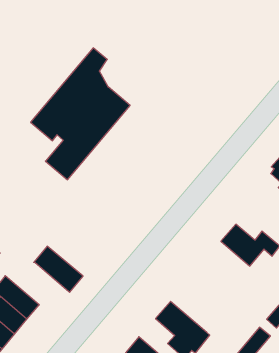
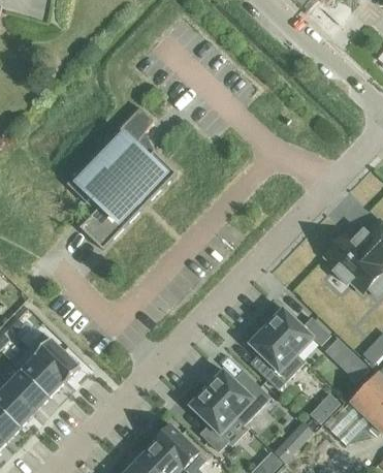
building: none -> [250,325,305,388]
building: [34,246,83,292] -> [28,332,81,383]
building: none -> [208,370,270,423]

